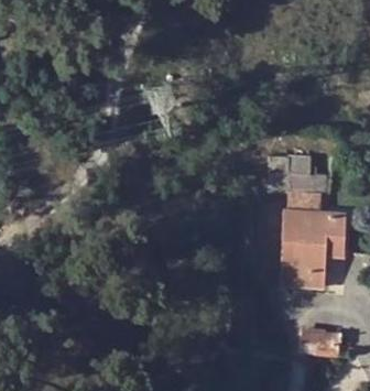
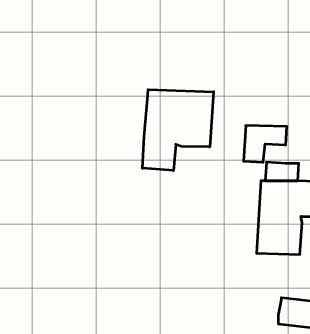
building: none -> [142,90,214,171]

